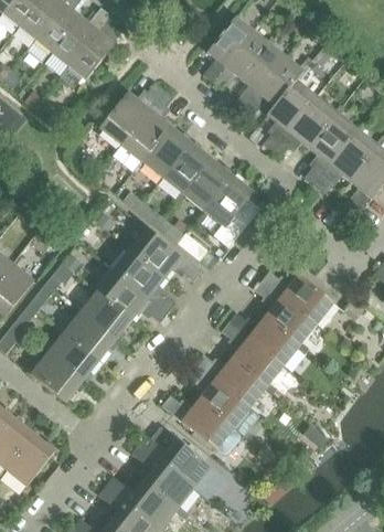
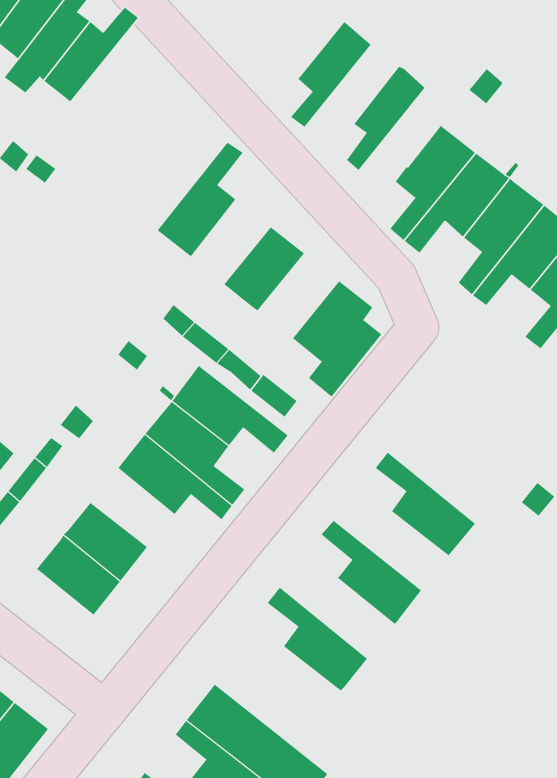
building: [60,14,118,87] -> none
building: [211,31,268,88] -> none
building: [244,57,302,115] -> none
building: [98,83,163,145] -> none
building: [141,126,190,178] -> none
building: [182,159,232,211] -> none
building: [262,272,332,324] -> none
building: [79,290,131,339] -> none
building: [228,312,307,365] -> none
building: [29,352,82,402] -> none
building: [195,354,275,407] -> none
building: [161,395,243,454] -> none

